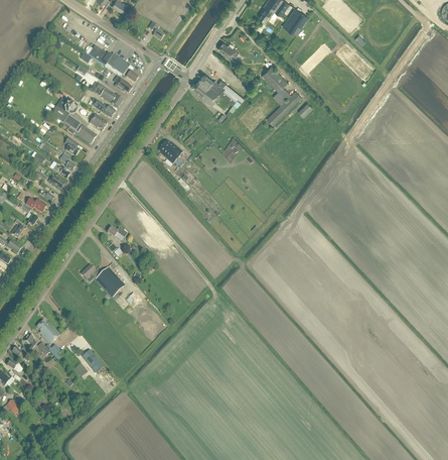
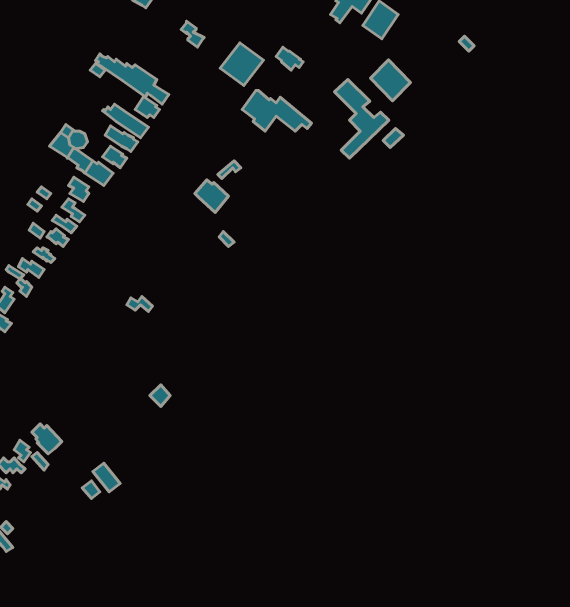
building: none -> [220,43,264,86]
building: none -> [371,60,410,101]
building: [81,265,125,298] -> none

